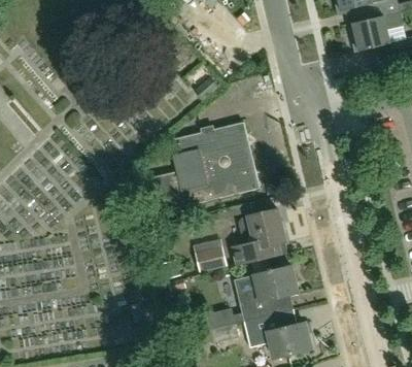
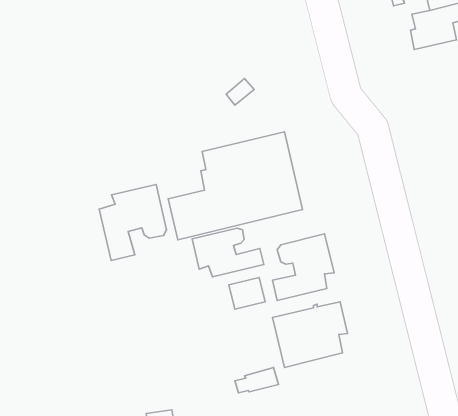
building: none -> [99,185,167,261]
building: none -> [192,228,264,277]
building: [243,309,310,358] -> none

